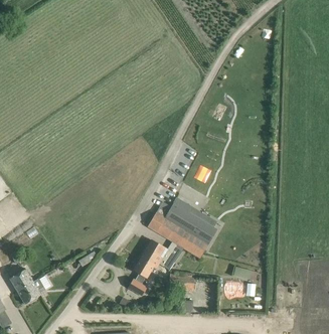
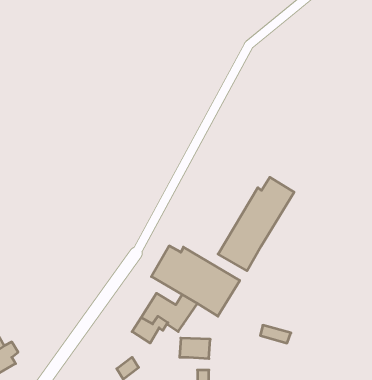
building: none -> [218,177,294,271]

